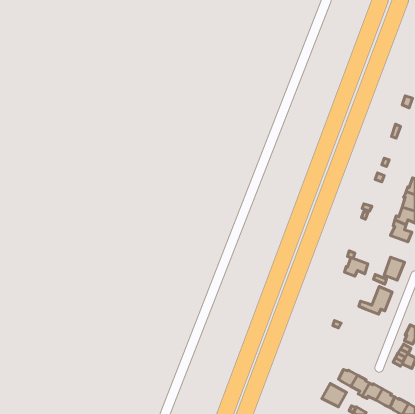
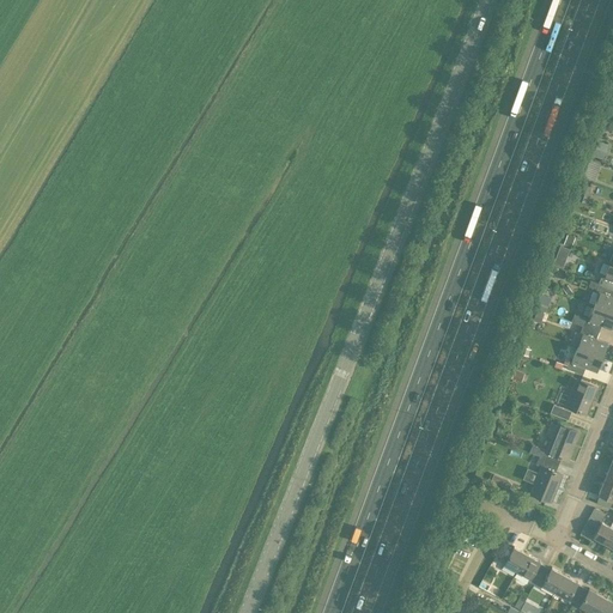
building: [344,257,368,276] -> [566,348,601,376]
building: none -> [530,457,562,503]
building: [322,384,346,407] -> none

